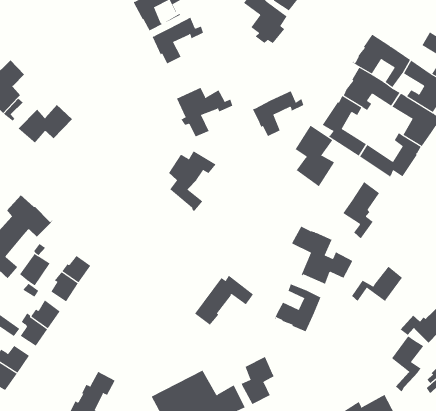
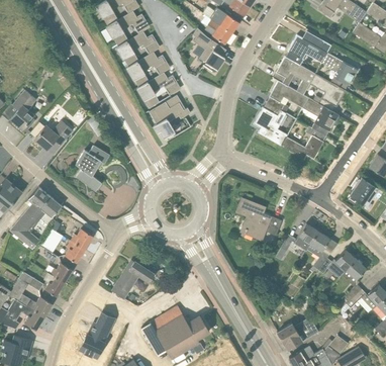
building: none -> [286,35,327,65]
building: [252,90,304,137] -> [137,73,175,107]
building: [295,125,335,187] -> none
building: [168,151,216,212] -> [76,147,110,191]
building: [343,181,380,239] -> none
building: [194,275,254,326] -> [112,261,155,298]
building: [274,283,321,332] -> none
building: [391,335,424,392] -> [307,232,330,273]
building: [241,356,275,405] -> none

